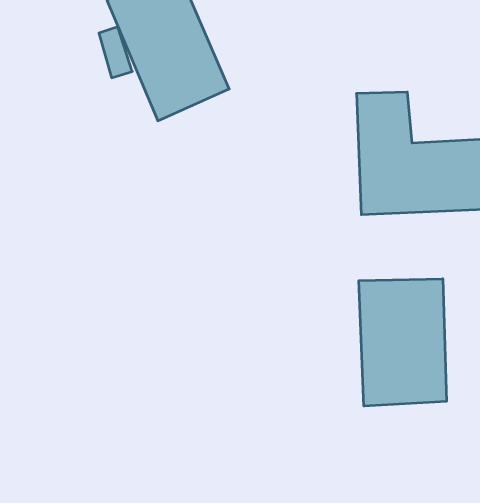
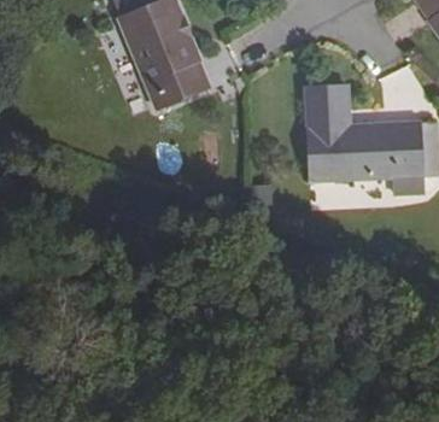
building: [359,279,446,406] -> none

